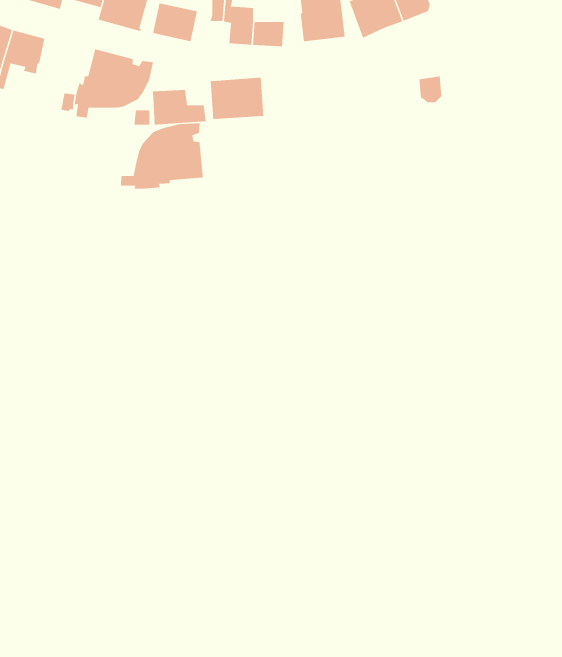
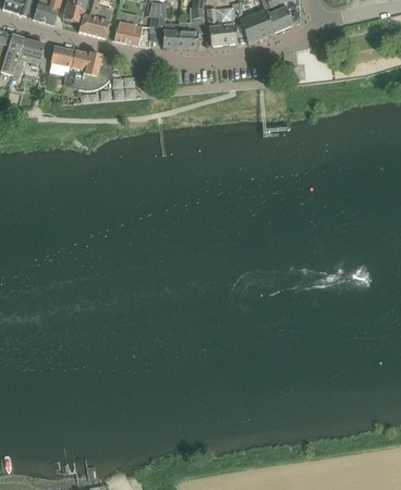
building: none -> [49,45,76,74]
building: [210,77,264,120] -> none
building: [120,122,204,189] -> none

